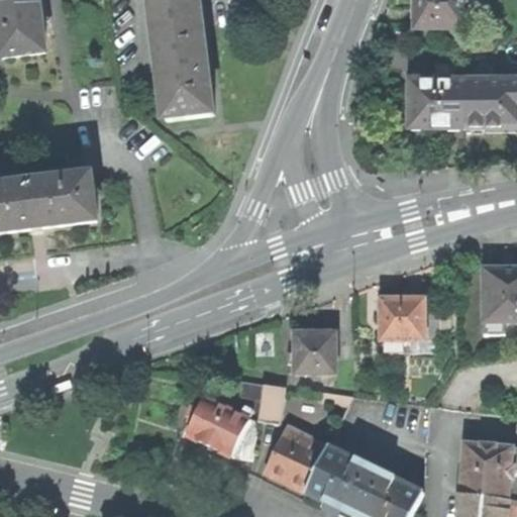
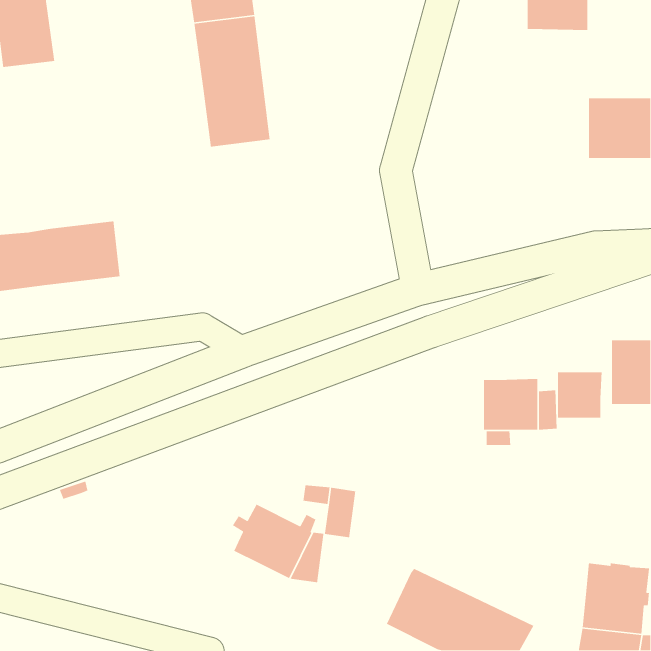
building: [408,77,463,125] -> none
building: none -> [557,371,602,419]
building: [294,331,334,373] -> none
building: [264,431,323,492] -> none

